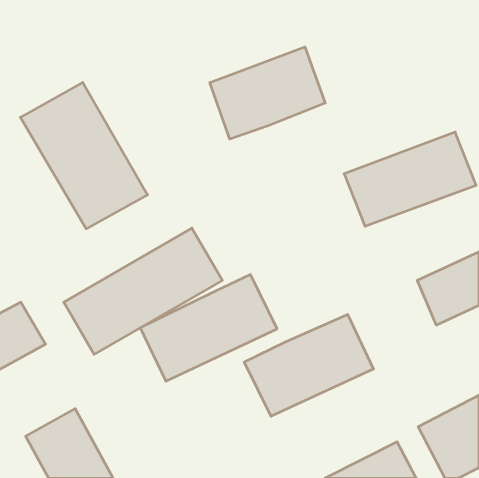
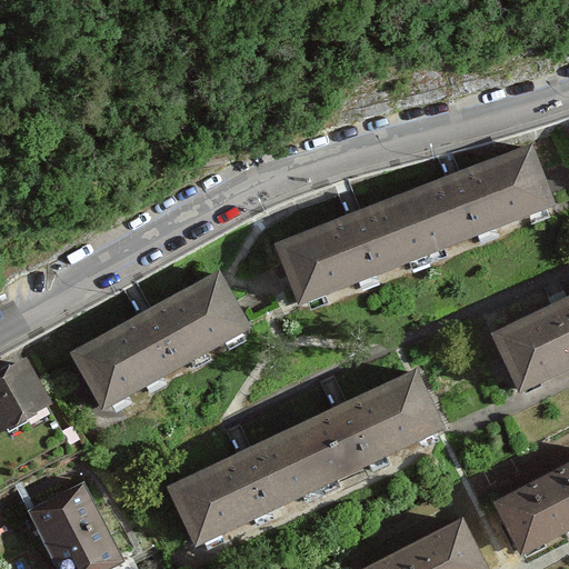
building: [210,47,325,139] -> none
building: [20,82,148,229] -> none
building: none -> [271,203,427,312]
building: [140,275,277,381] -> [157,423,317,548]

